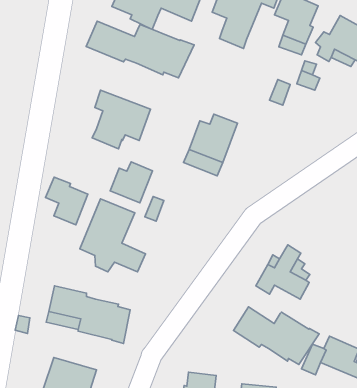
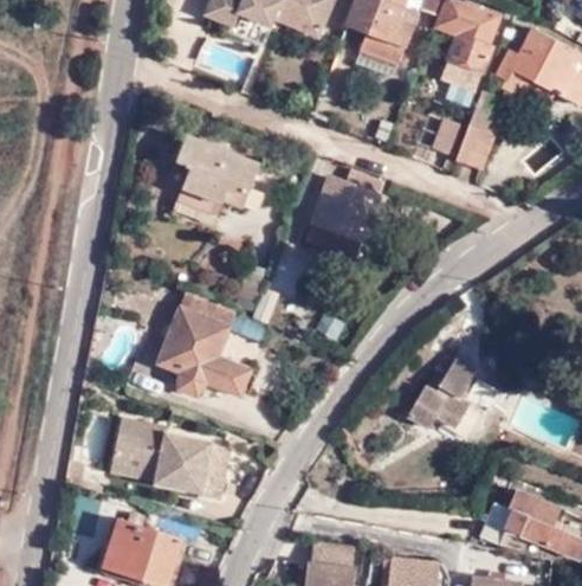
building: [86,21,194,78] -> none
building: none -> [454,125,496,173]
building: [110,162,153,203] -> none
building: [45,177,88,225] -> none
building: [234,307,319,365] -> none

